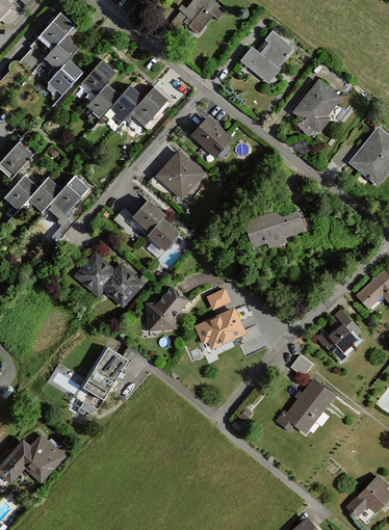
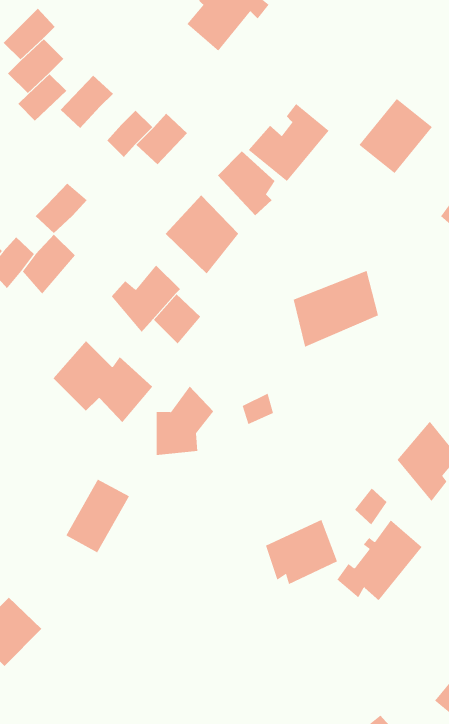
building: [237,30,295,86] -> [248,103,329,182]
building: [84,84,122,121] -> [35,183,87,234]
building: [194,306,247,352] -> [265,519,338,585]

